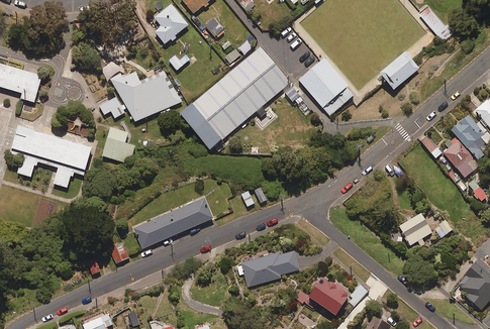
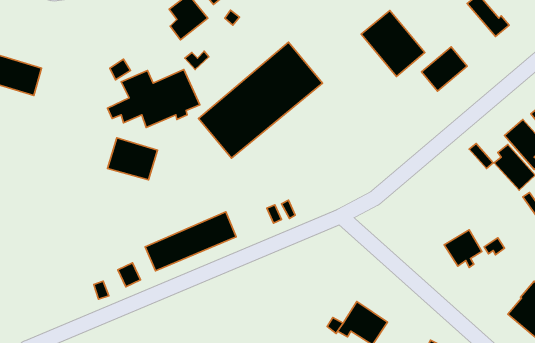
building: [298,59,355,117] -> [361,10,425,76]
building: [8,127,90,188] -> none
building: [235,248,299,288] -> none

